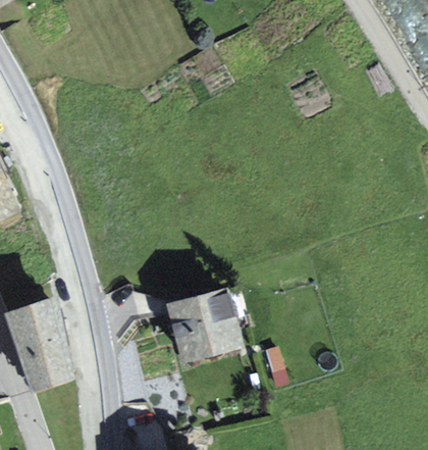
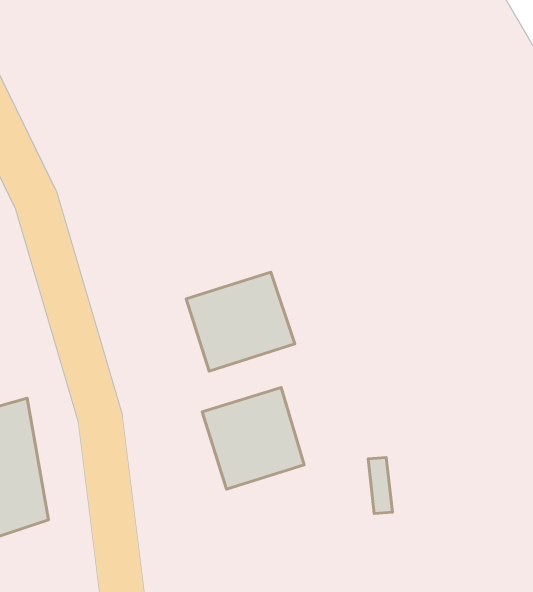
building: none -> [186,272,295,371]

